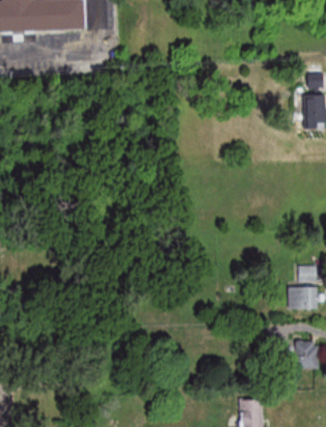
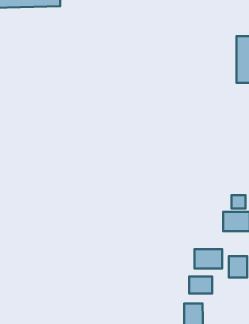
building: none -> [194,249,222,268]
building: none -> [189,276,212,293]

